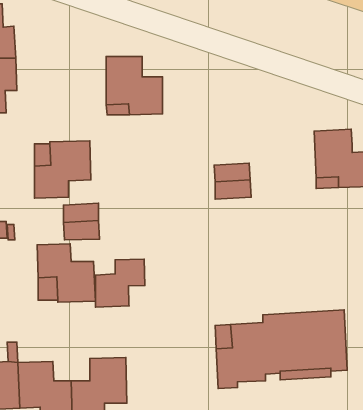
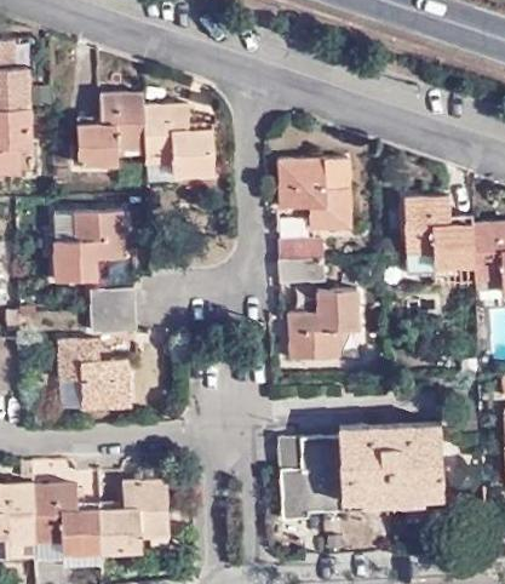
building: none -> [78,93,144,166]
building: none -> [279,159,350,231]
building: none -> [289,291,360,361]
building: [95,259,145,307] -> none

